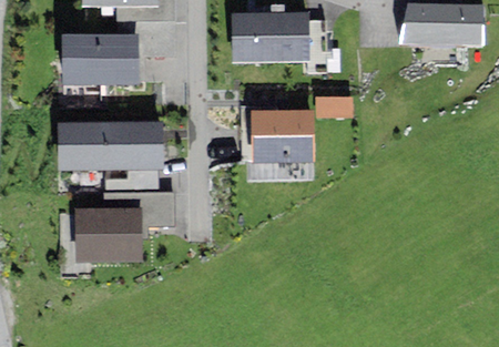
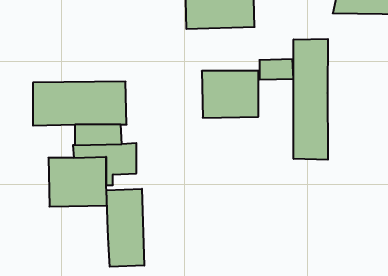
building: [62,33,139,83] -> none
building: none -> [294,39,328,160]
building: none -> [107,189,144,267]

